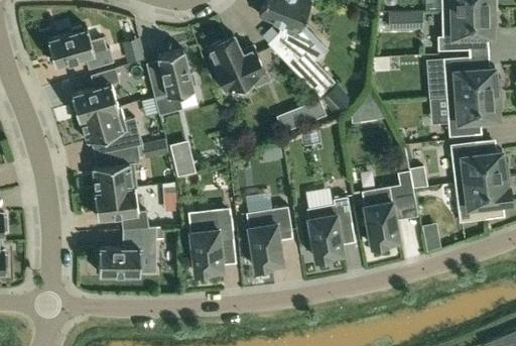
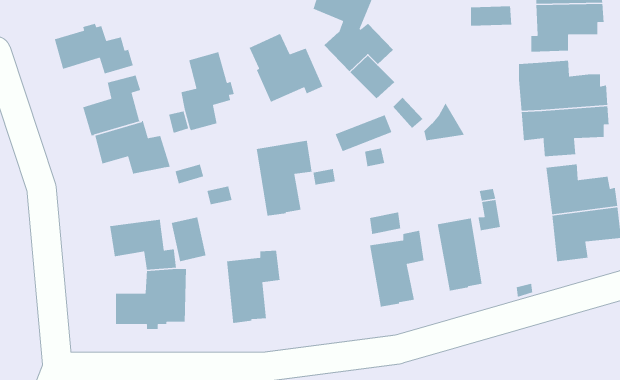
building: [94,146,141,193] -> none
building: [246,206,292,268] -> [256,140,312,216]

